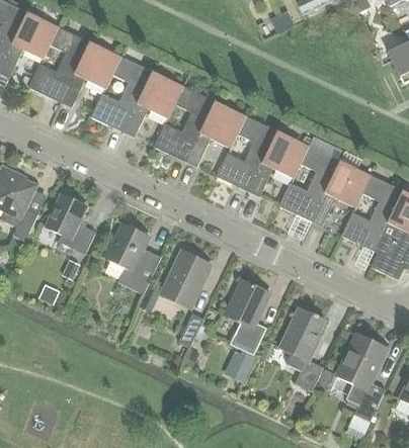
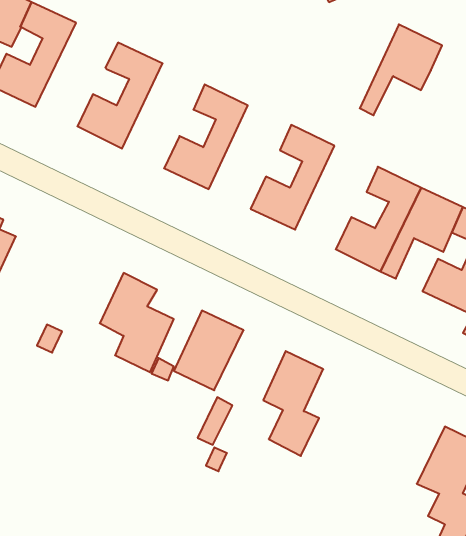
building: [61,41,120,107] -> none
building: [124,71,183,138] -> none
building: [186,101,246,167] -> none
building: [249,130,309,196] -> [360,24,442,115]
building: [47,193,95,254] -> none
building: [278,306,325,391] -> none
building: [224,350,255,381] -> none

